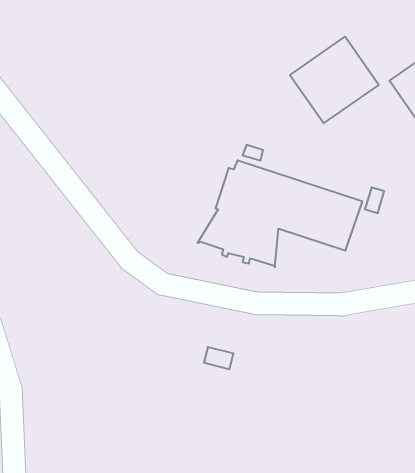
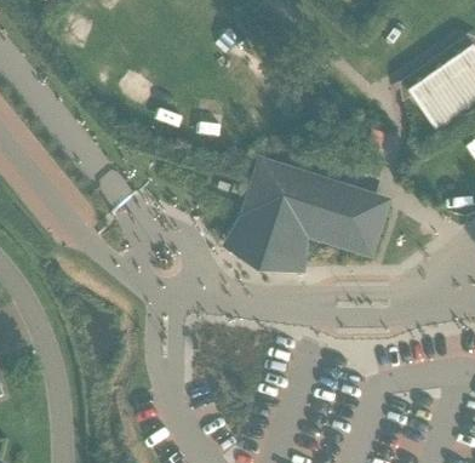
building: [290,37,379,123] -> none

